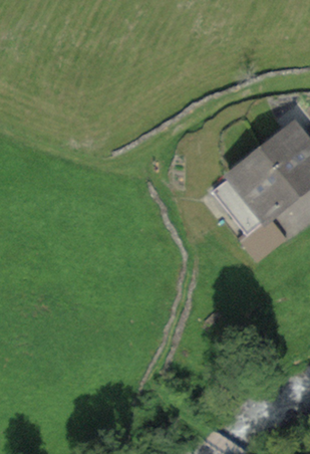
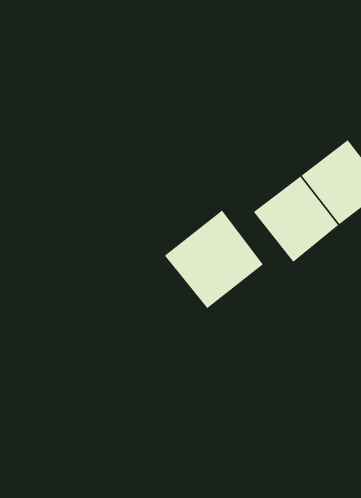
building: none -> [164,209,264,309]

